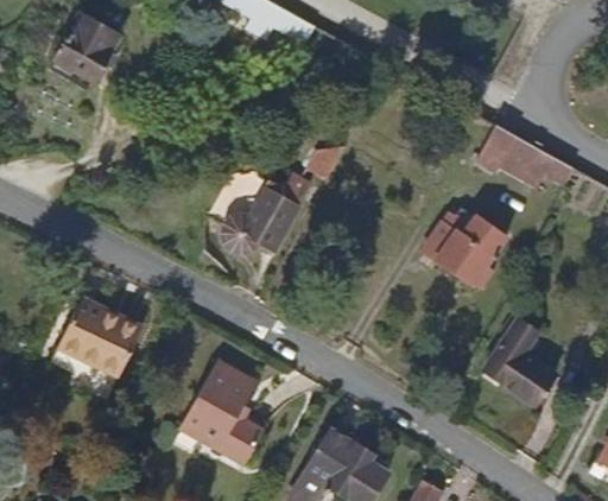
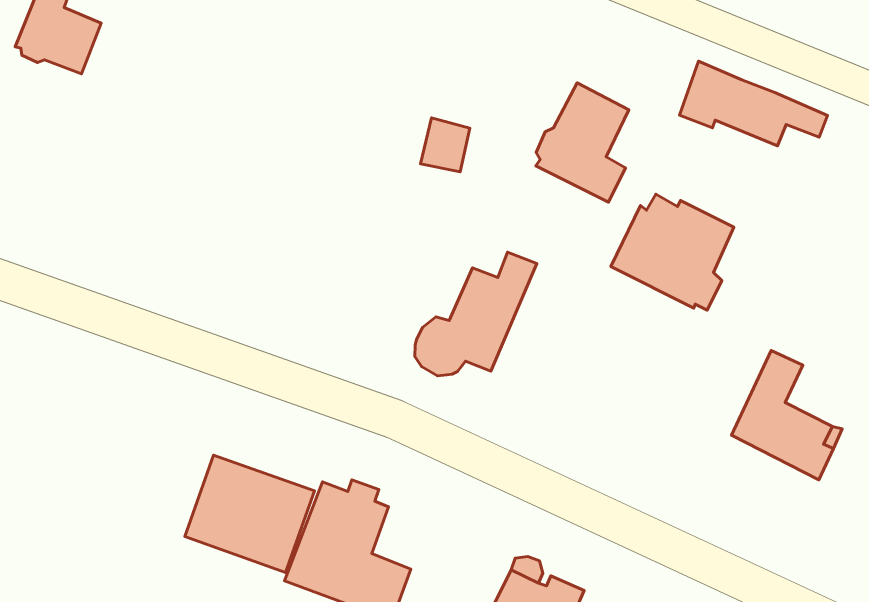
building: none -> [536,83,629,202]
building: [224,177,310,252] -> [415,252,537,376]
building: [58,297,145,378] -> [185,455,314,572]

